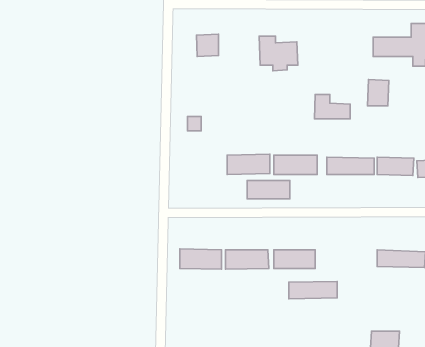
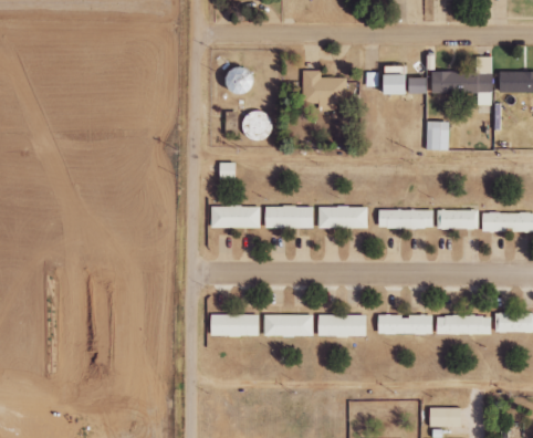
building: none -> [244,112,271,139]
building: [314,95,350,119] -> [386,65,427,93]
building: [247,181,290,199] -> [211,206,260,227]
building: [289,281,337,299] -> [378,314,433,334]

